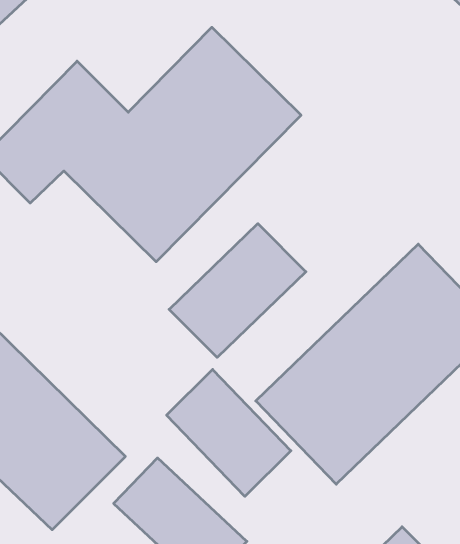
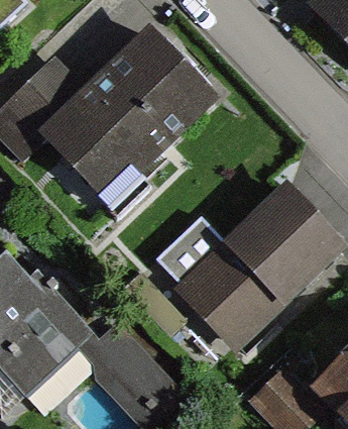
building: [169,224,306,357] -> none
building: [167,369,291,496] -> none

